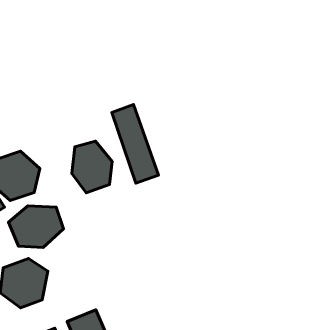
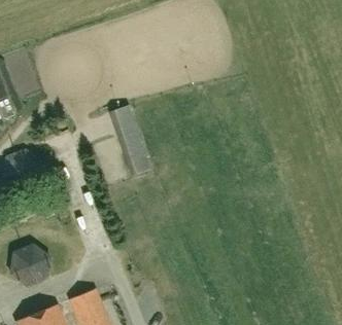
building: [72,141,112,193] -> none
building: [8,206,63,247] -> none

